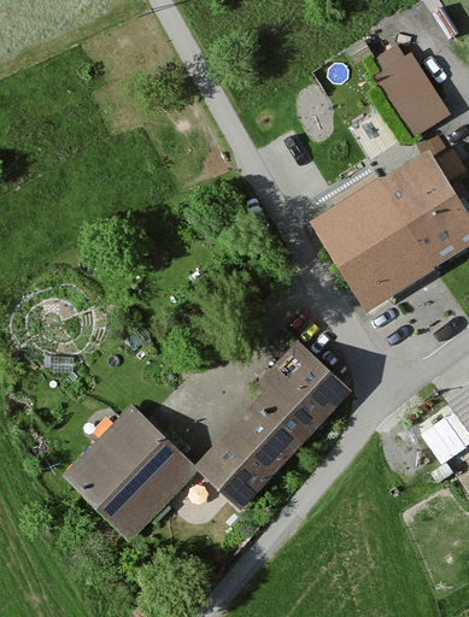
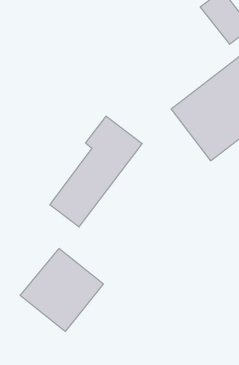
building: [204,345,348,504] -> [50,116,142,227]

